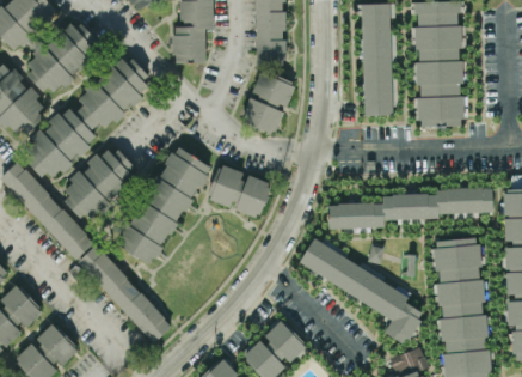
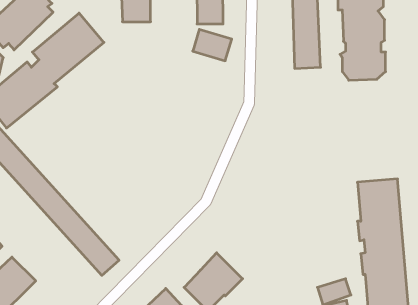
building: [240,97,284,135] -> none
building: [59,144,137,220] -> none
building: [119,145,211,266] -> none
building: [207,164,271,218] -> none
building: [327,187,492,229] -> none
building: [297,238,423,345] -> none

